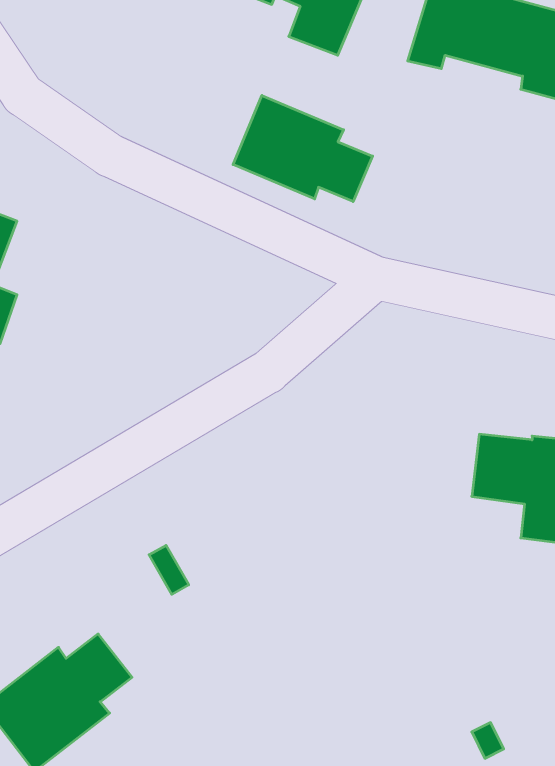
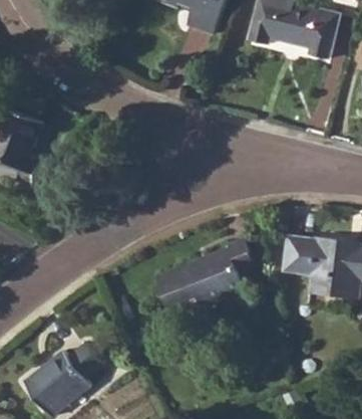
building: [233,95,373,202] -> none
building: none -> [156,236,253,318]

